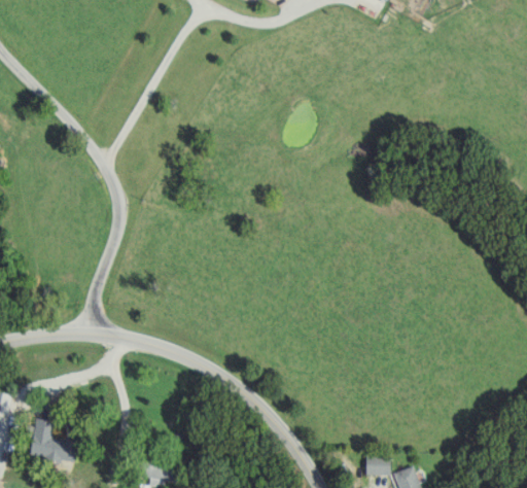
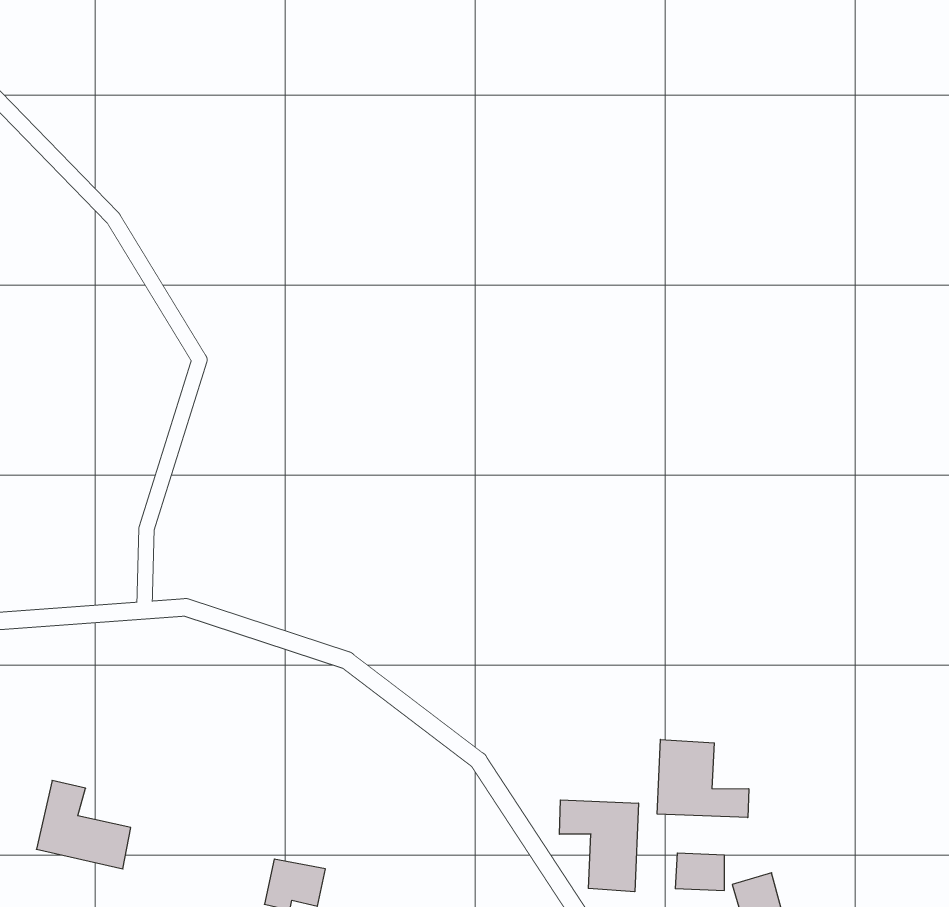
building: none -> [657,739,749,818]
building: none -> [559,800,638,892]

